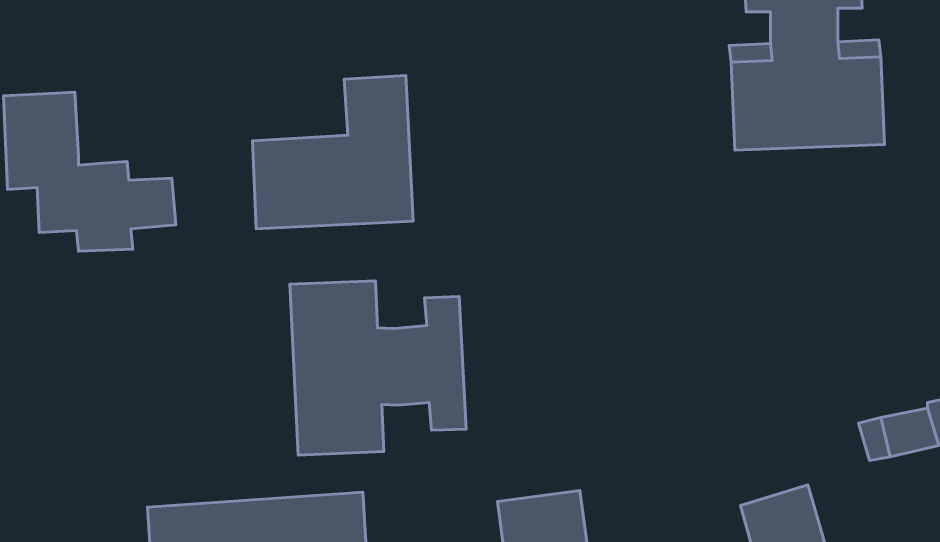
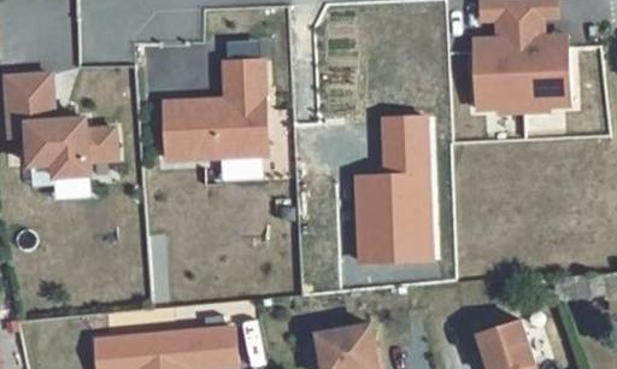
building: none -> [351,124,425,268]
building: [290,281,466,455] -> none

